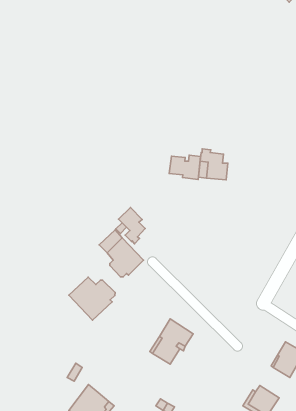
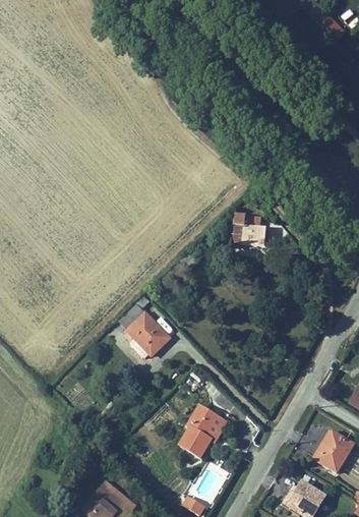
building: [169,155,200,180] -> none
building: [119,208,145,244] -> none
building: [69,277,115,320] -> none

